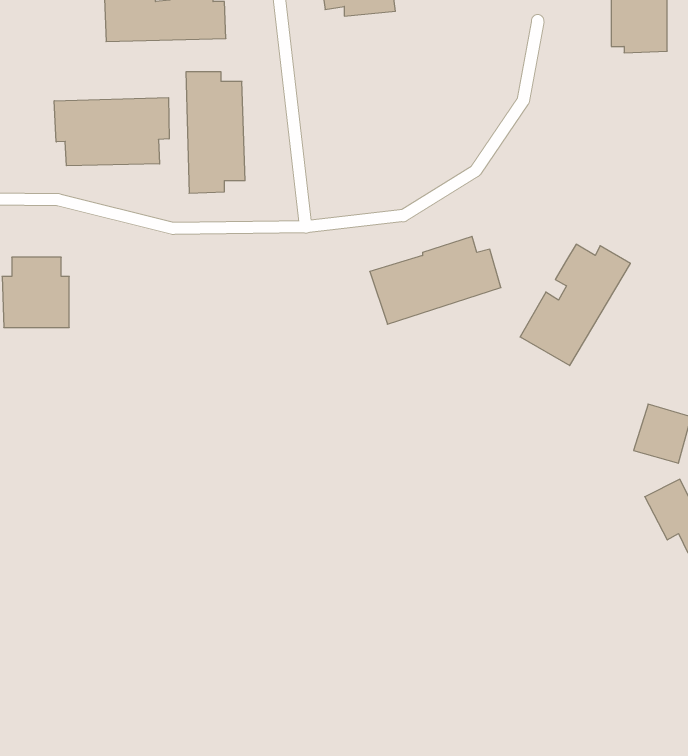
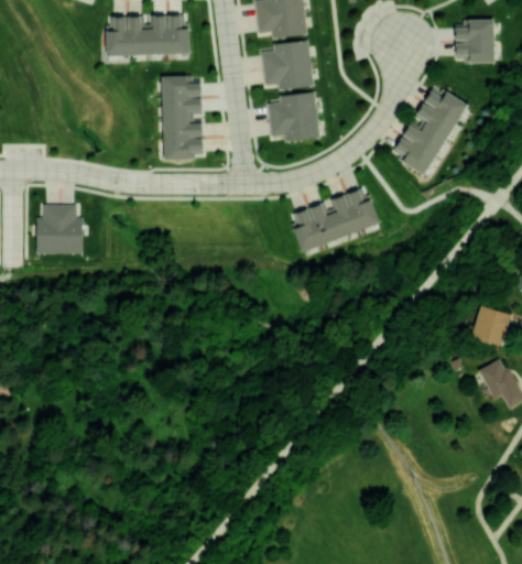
building: none -> [260,40,313,89]
building: none -> [267,91,319,141]
building: [54,98,169,166] -> none
building: [520,244,630,366] -> [391,90,467,174]

